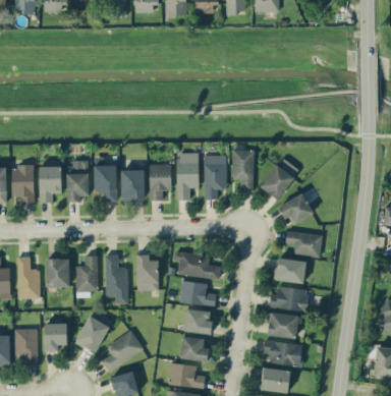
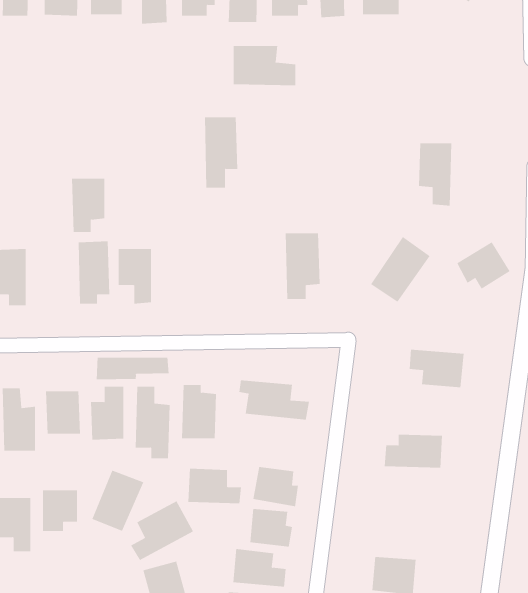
building: none -> [233,45,296,86]
building: [231,150,254,191] -> [418,143,452,206]
building: [176,153,199,200] -> [204,117,238,188]
building: [149,164,171,201] -> none
building: [39,166,61,202] -> [71,178,105,232]
building: [121,169,145,200] -> none
building: [278,192,314,224] -> [456,242,511,290]
building: none -> [96,357,169,380]
building: [275,259,305,282] -> none
building: [180,281,216,304] -> [188,468,242,504]
building: [268,313,297,338] -> none
building: [263,341,302,365] -> none

